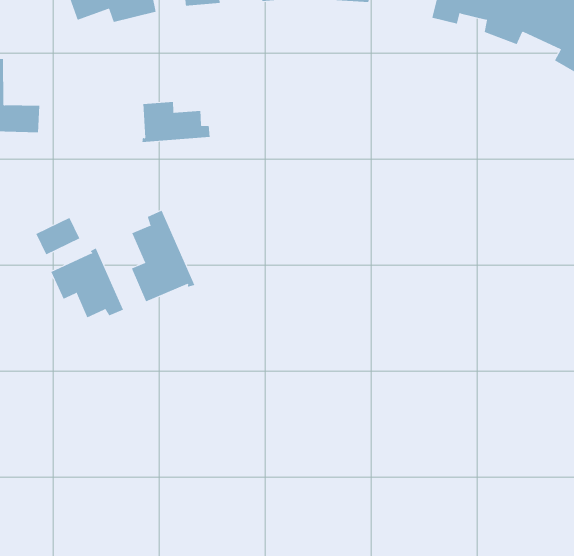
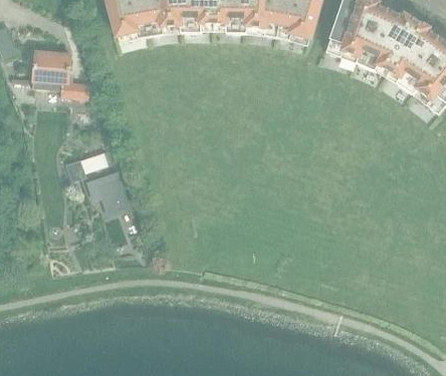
building: [142,101,210,143] -> none
building: [131,210,195,302] -> none

